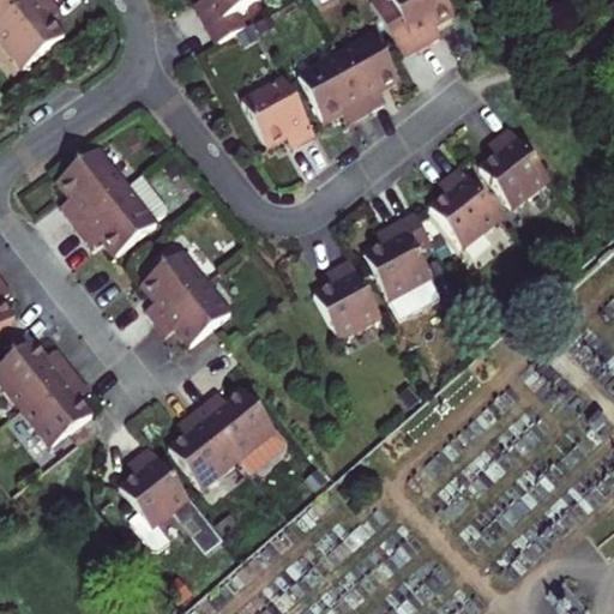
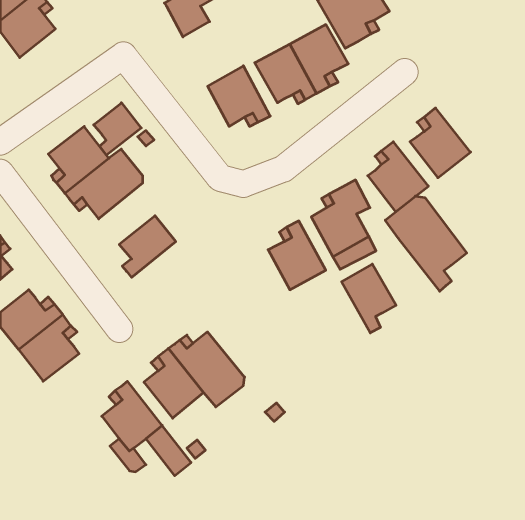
building: none -> [94,103,141,155]
building: none -> [385,196,467,291]
building: [154,282,229,347] -> none
building: none -> [342,264,396,333]

